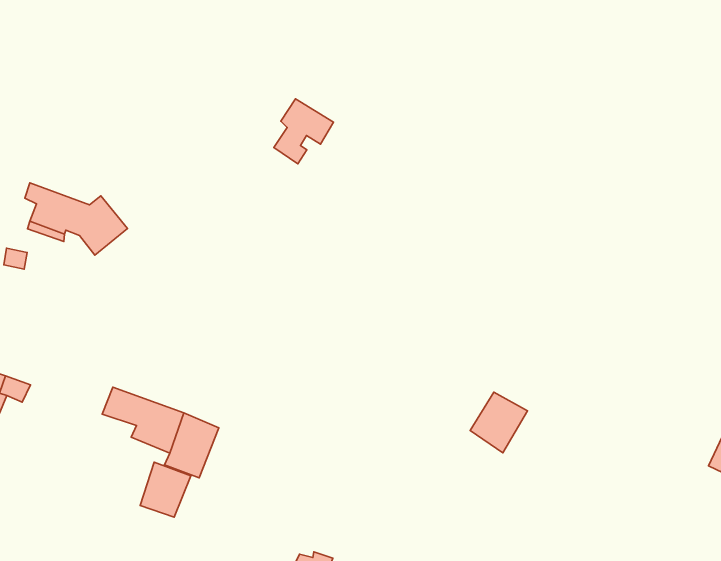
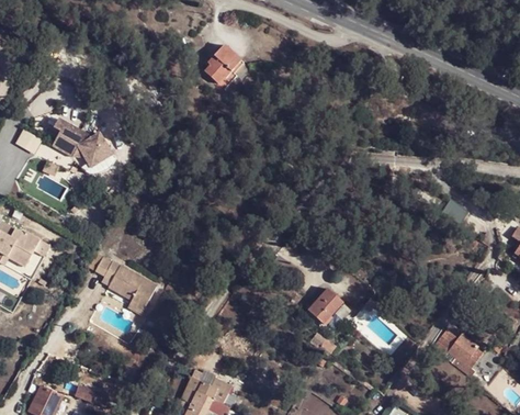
building: [274,99,334,164] -> [205,42,244,81]
building: [140,462,191,517] -> none

